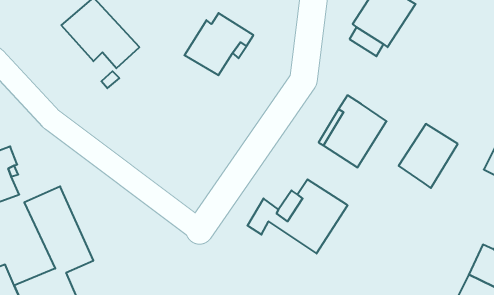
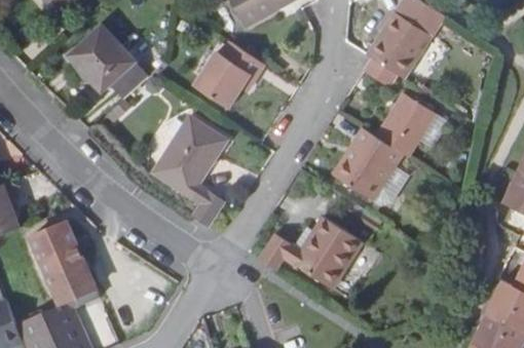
building: none -> [151,115,226,227]
building: [399,124,458,188] -> [376,93,437,159]

